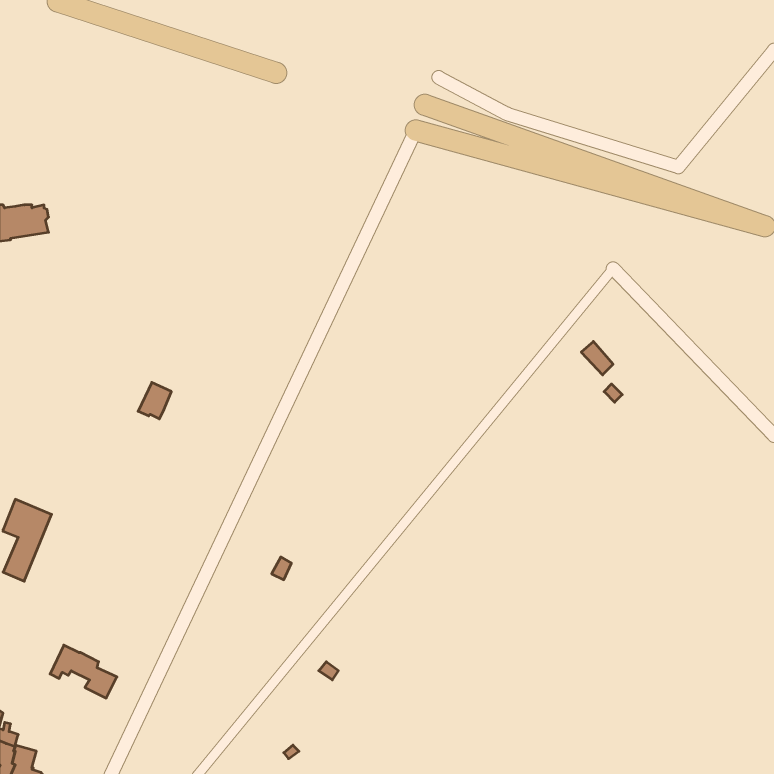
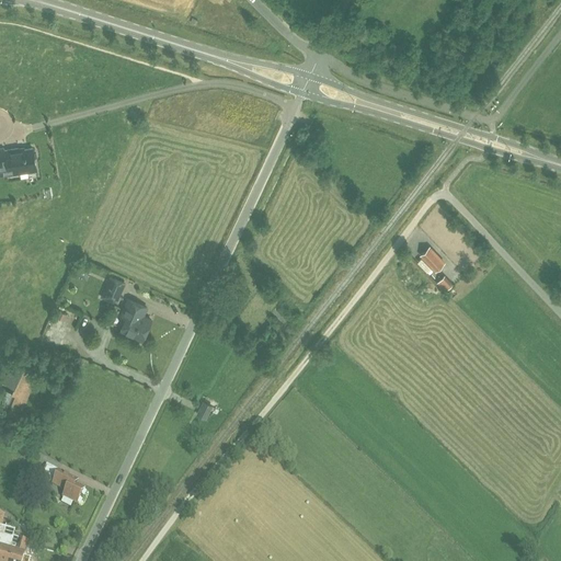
building: none -> [119,300,150,342]

